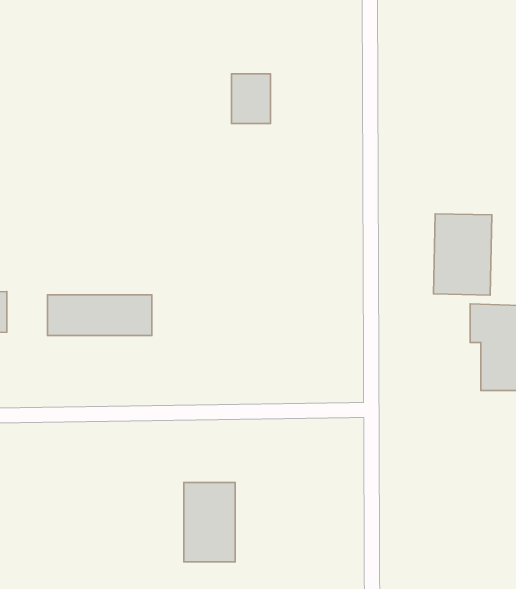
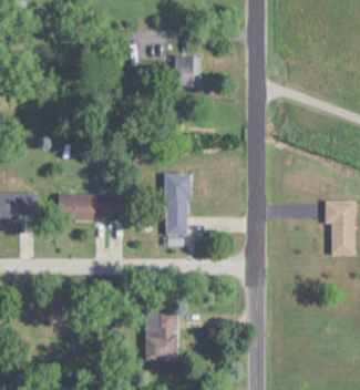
building: [433,214,492,295] -> none
building: none -> [165,174,191,234]

